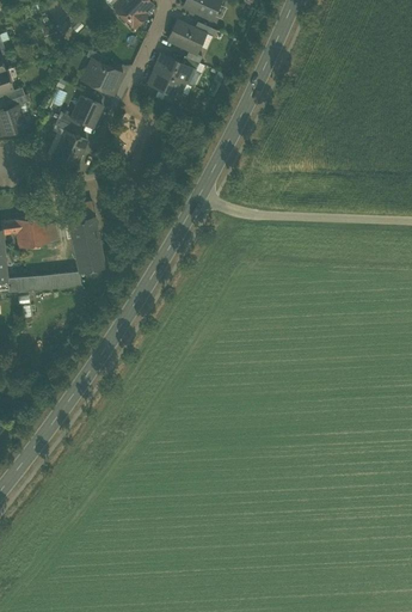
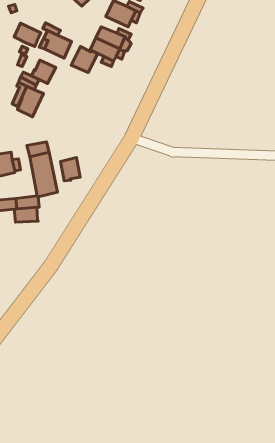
building: none -> [14,23,41,47]
building: none -> [71,47,97,73]
building: none -> [61,158,80,181]
building: none -> [14,207,38,222]

